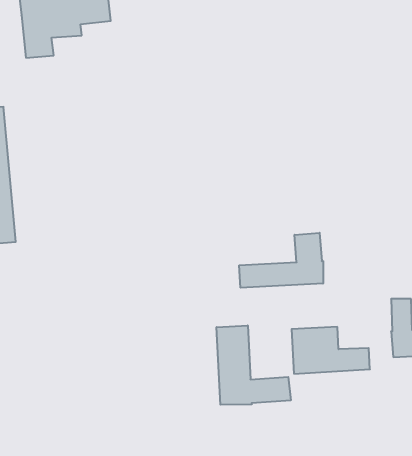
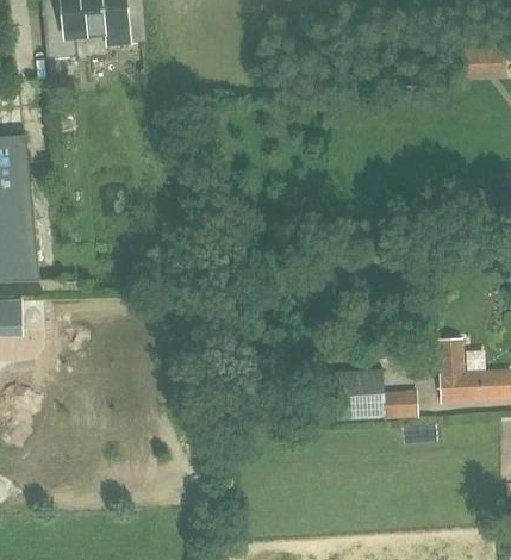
building: [239,233,323,288] -> none
building: [217,325,291,405] -> none

